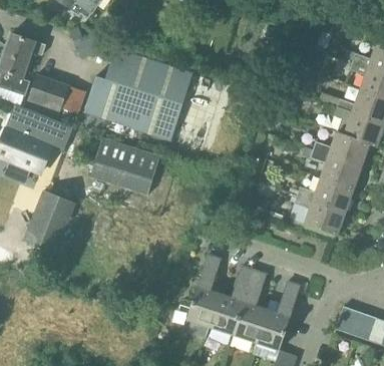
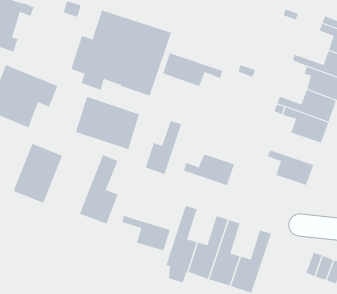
building: [28,74,84,111] -> none
building: none -> [162,53,223,87]
building: none -> [145,120,182,175]
building: [298,178,353,213] -> [183,154,235,186]
building: none -> [79,154,118,225]
building: none -> [122,215,170,253]

